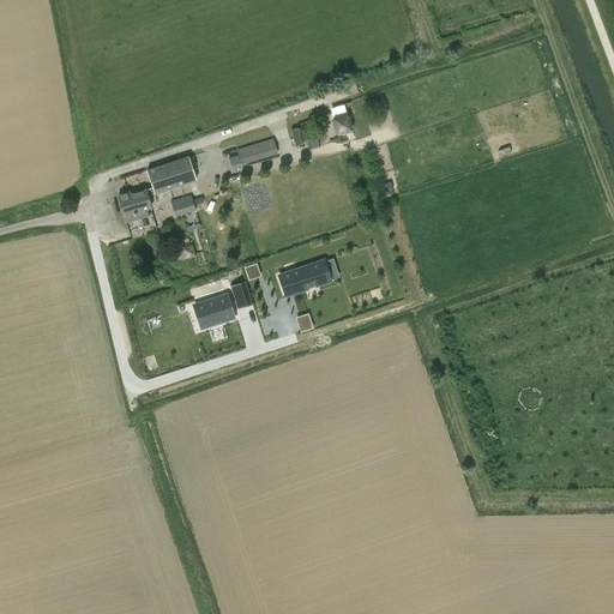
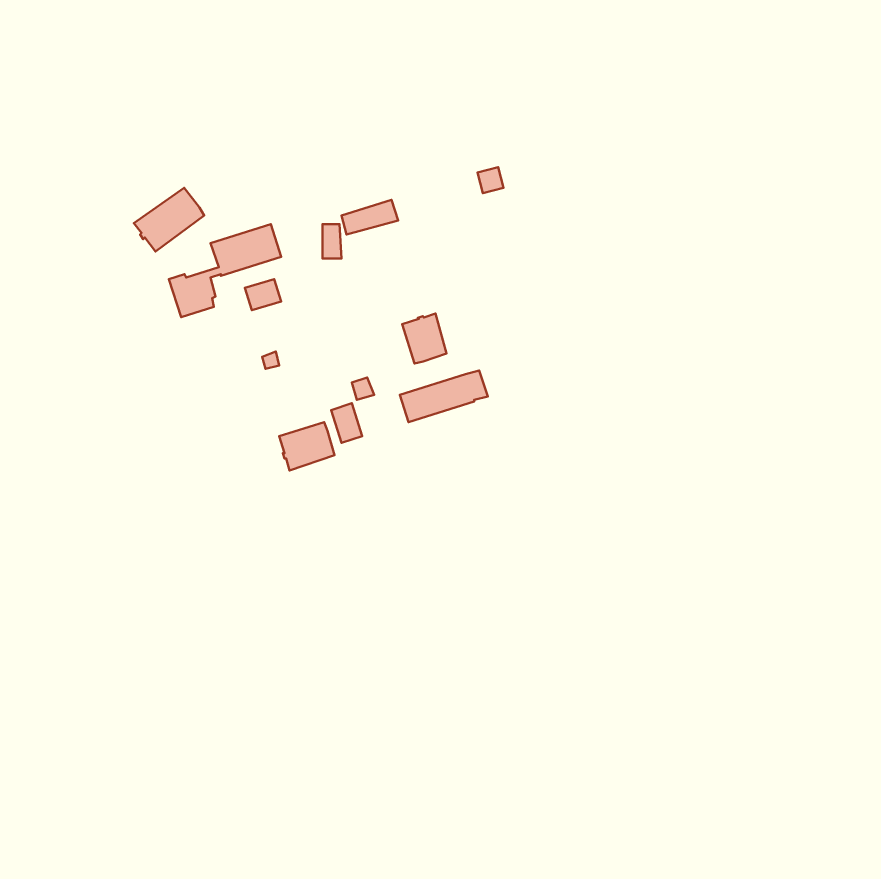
building: none -> [134,188,204,252]
building: none -> [402,314,446,363]

